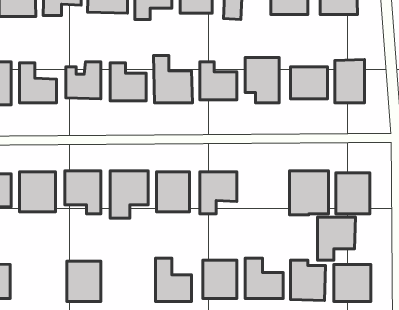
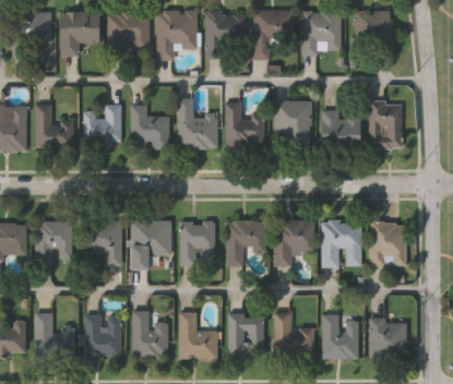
building: [317,217,356,260] -> [274,219,314,265]
building: none -> [133,311,167,358]
building: none -> [35,313,74,356]

